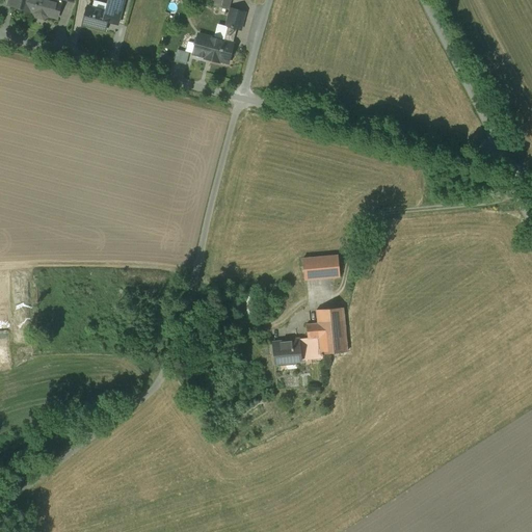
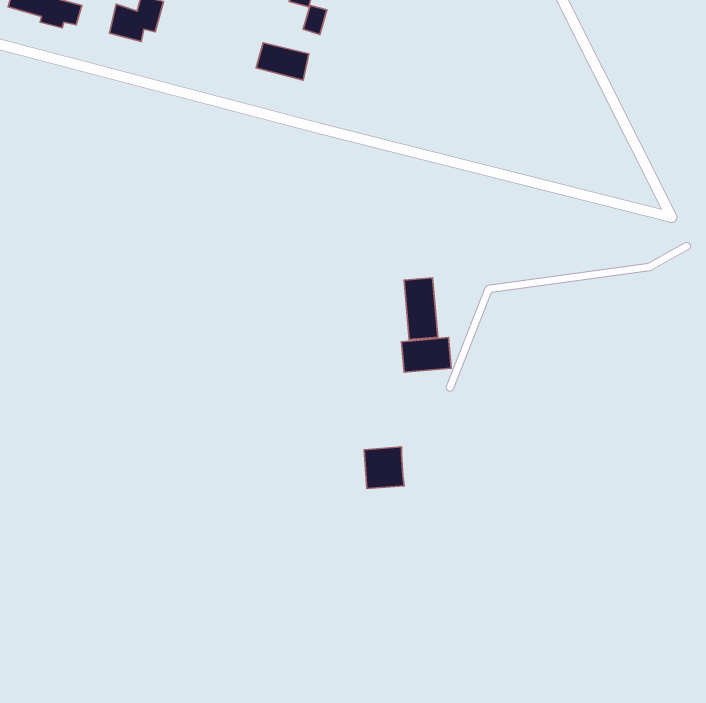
building: none -> [404,278,438,339]
building: [301,305,351,357] -> none

